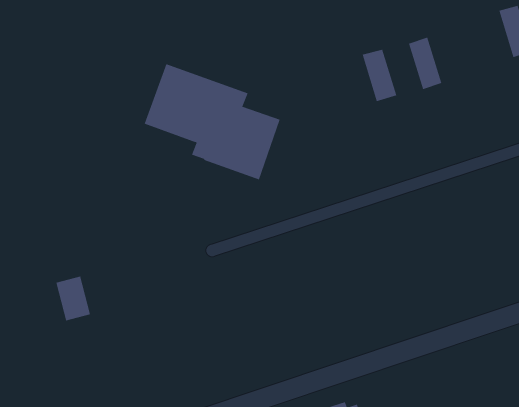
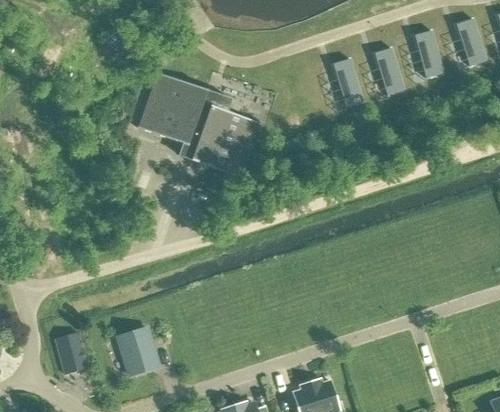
building: none -> [415,30,445,77]
building: [56,276,91,321] -> [54,332,86,373]
building: none -> [117,325,162,376]

